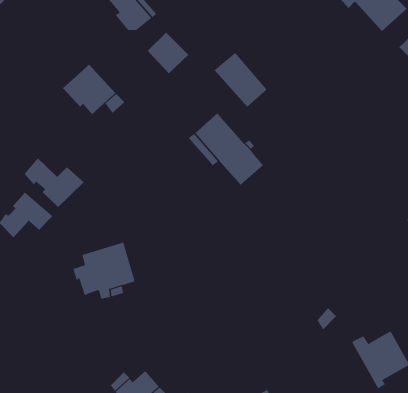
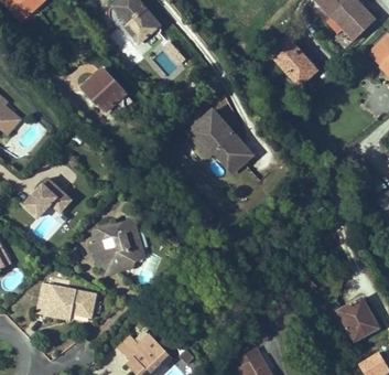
building: [214,52,268,107] -> [270,38,316,85]
building: [24,158,84,208] -> none
building: none -> [37,282,97,318]

